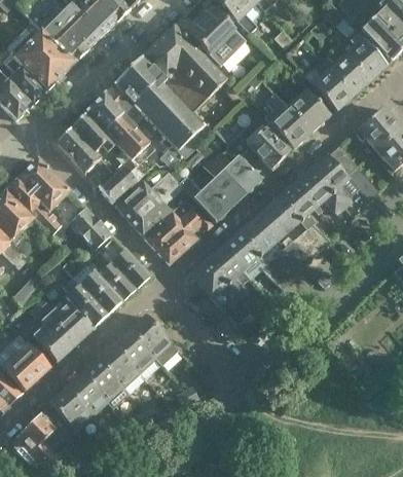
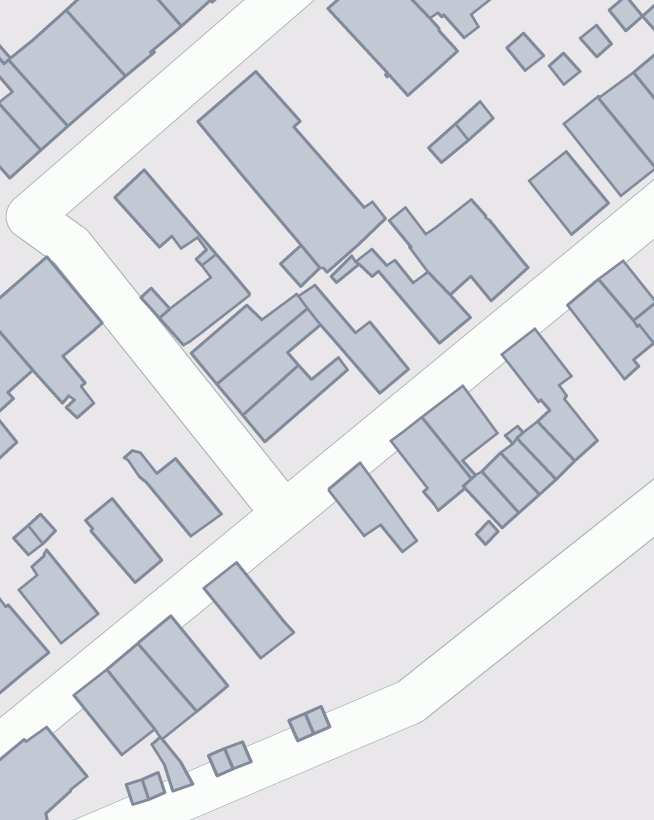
building: [142,25,227,116] -> none
building: [86,83,151,158] -> none
building: [265,91,312,148] -> none
building: [56,125,102,172] -> none
building: [204,156,246,207] -> none
building: [295,169,343,211] -> none
building: [259,196,299,237] -> none
building: [69,207,111,249] -> none
building: [157,209,212,262] -> none
building: [208,245,248,296] -> none
building: [111,248,150,288] -> none
building: [62,261,121,314] -> none
building: [46,300,94,343] -> none
building: [113,327,161,377] -> none
building: [48,387,91,430] -> none

